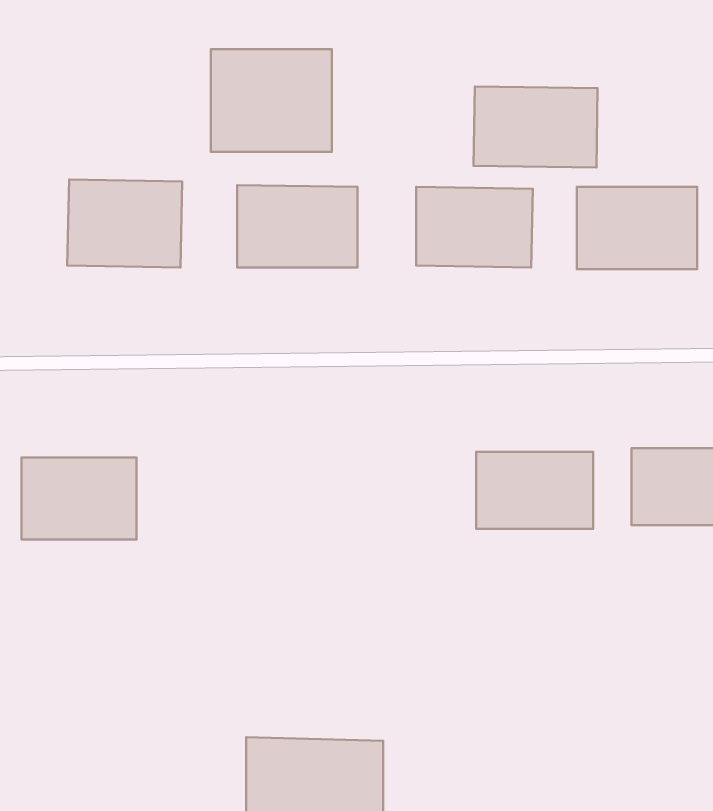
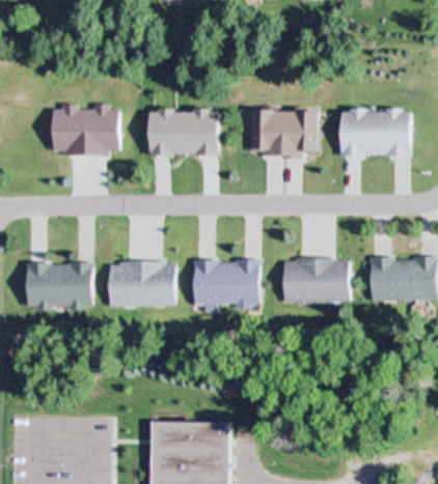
building: [211,49,332,152] -> none
building: [474,86,598,168] -> none
building: none -> [194,261,261,306]
building: none -> [109,262,174,308]

